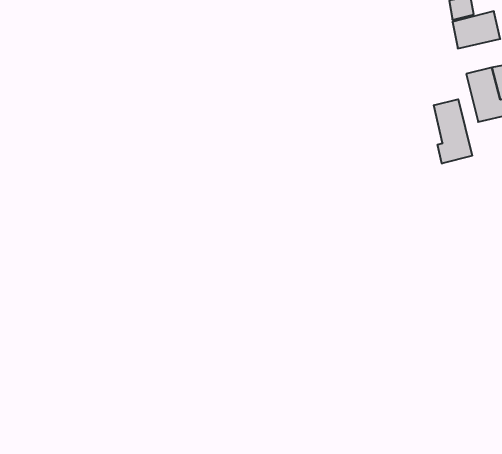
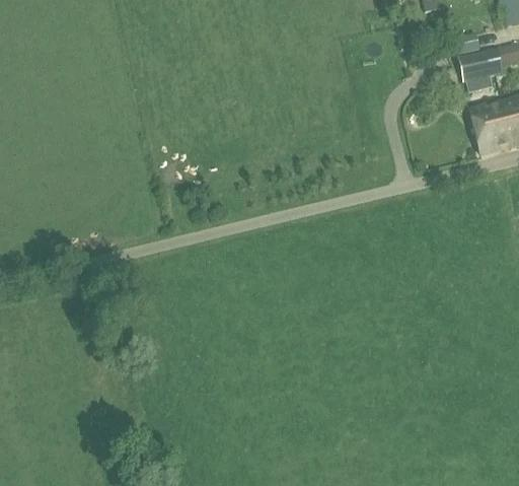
building: [434,99,472,164] -> none

